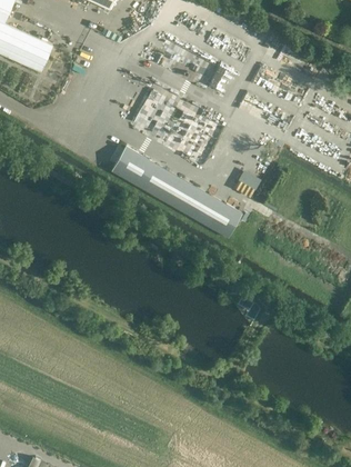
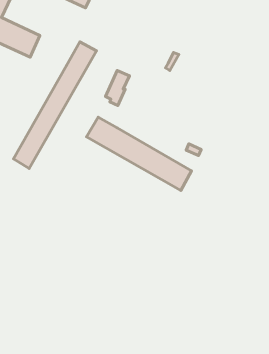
building: none -> [13,42,96,168]

